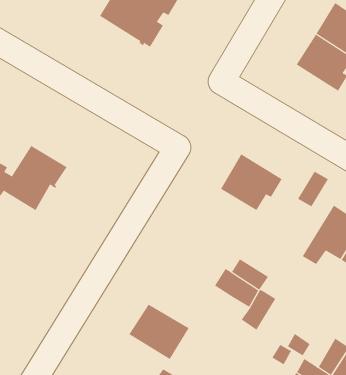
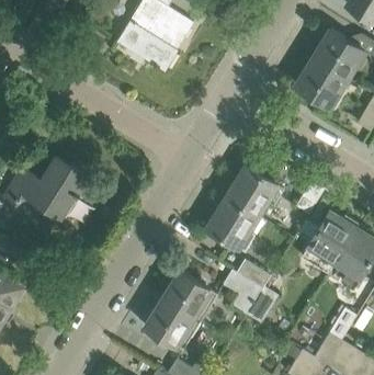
building: none -> [206,197,259,252]
building: none -> [161,271,217,322]

